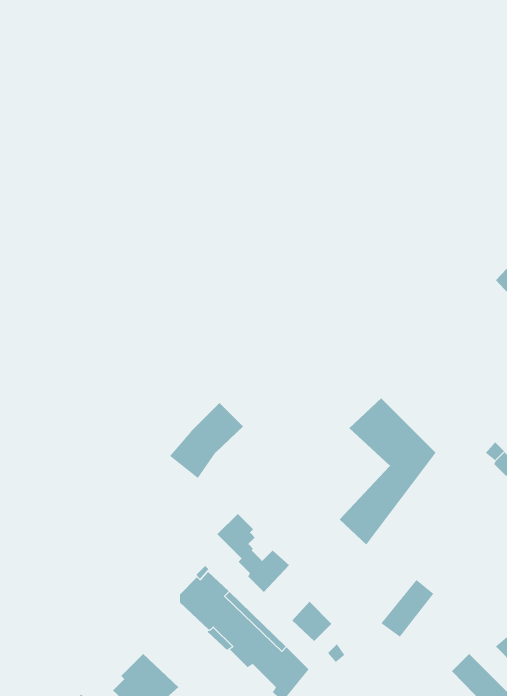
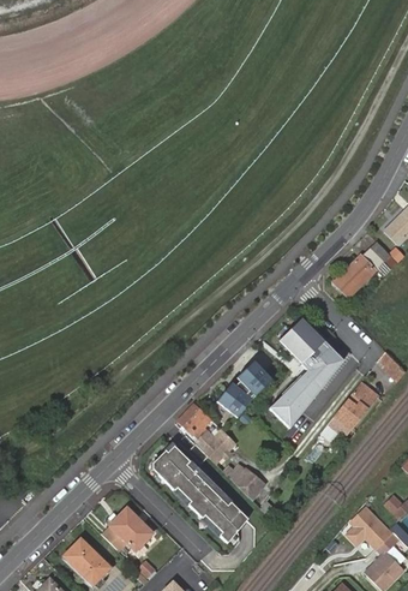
building: none -> [334,249,383,297]
building: [169,402,244,479] -> [216,362,271,418]
building: [380,579,434,638] -> [334,383,373,426]

